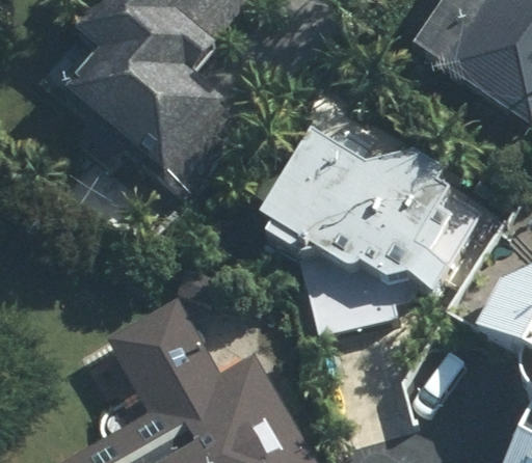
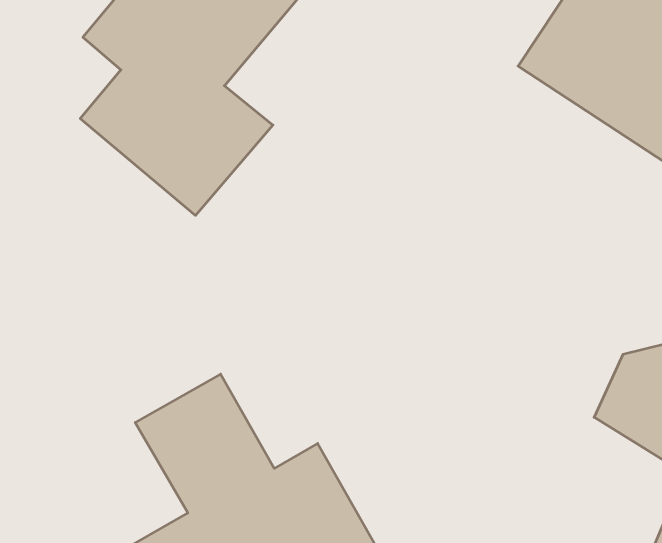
building: [265,142,443,292] -> none

